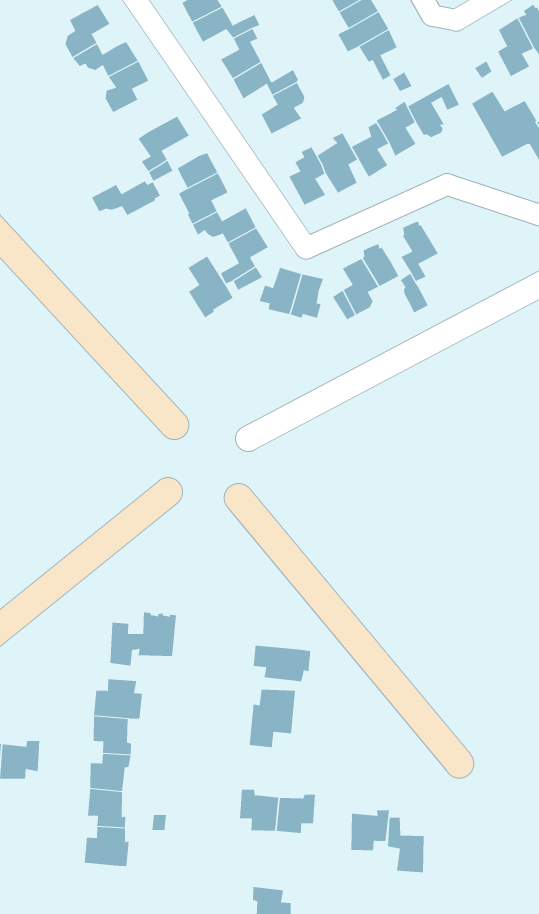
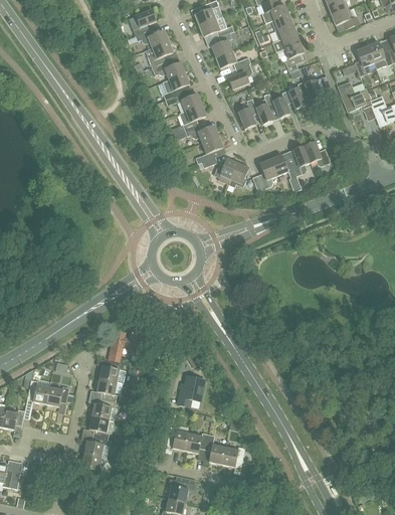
building: [91,180,161,216] -> [151,61,187,78]
building: none -> [303,141,330,166]
building: [187,255,234,319] -> none
building: [253,645,311,682] -> none
building: [387,817,425,873] -> [205,434,225,465]
building: none -> [74,453,101,476]

